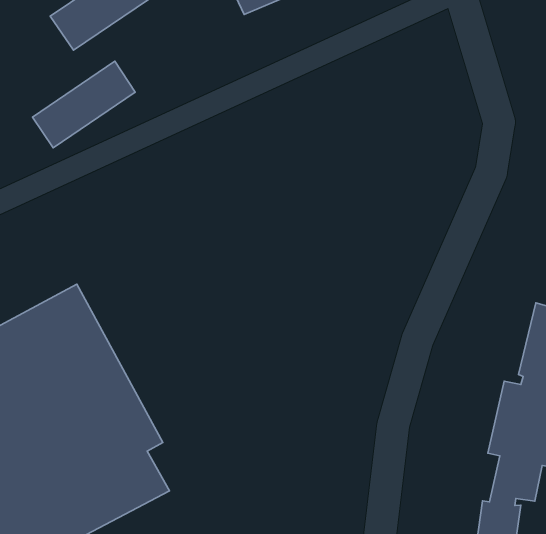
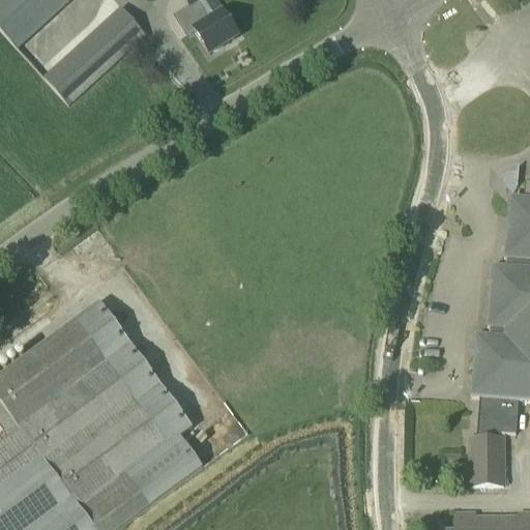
building: [33,61,135,148] -> none

